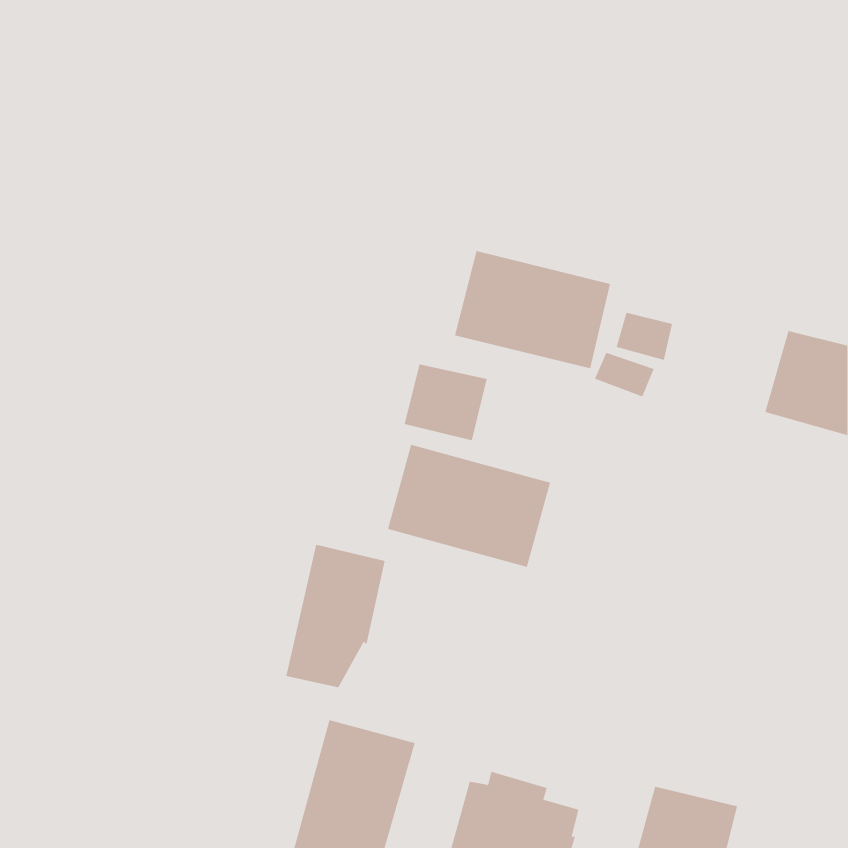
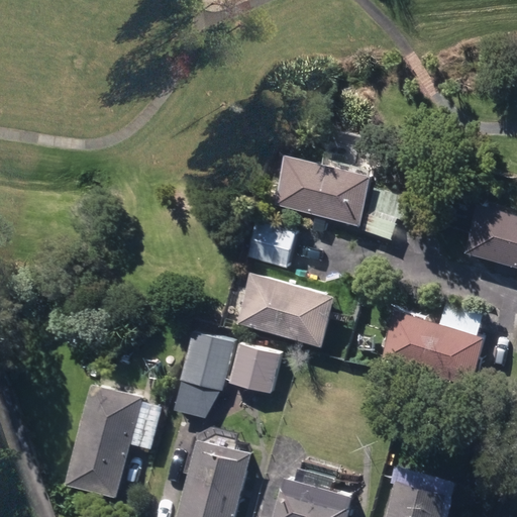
building: none -> [378,308,484,383]
building: none -> [229,344,279,394]
building: none -> [65,383,161,498]

